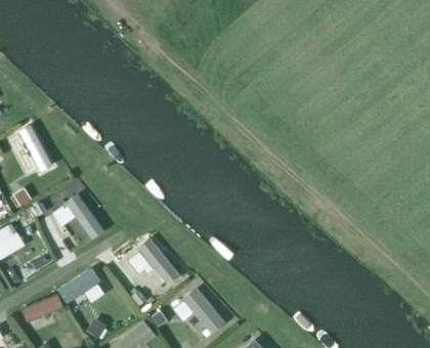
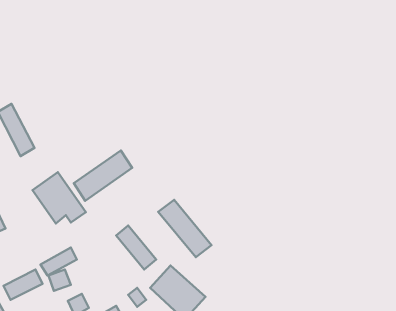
building: none -> [74,150,132,201]
building: none -> [158,200,212,257]

